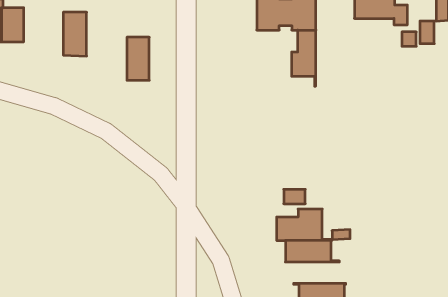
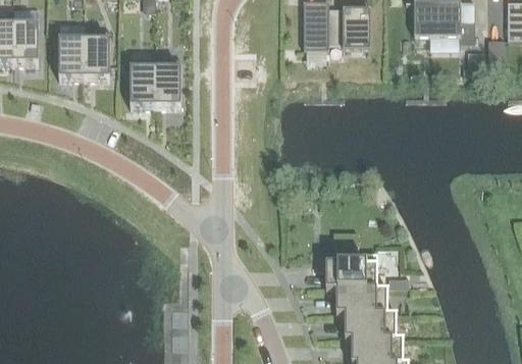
building: none -> [58,37,83,81]
building: [292,30,315,86] -> none
building: none -> [129,60,155,109]
building: none -> [335,316,404,341]

